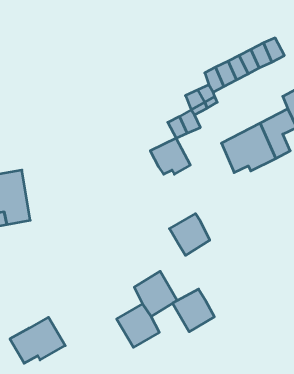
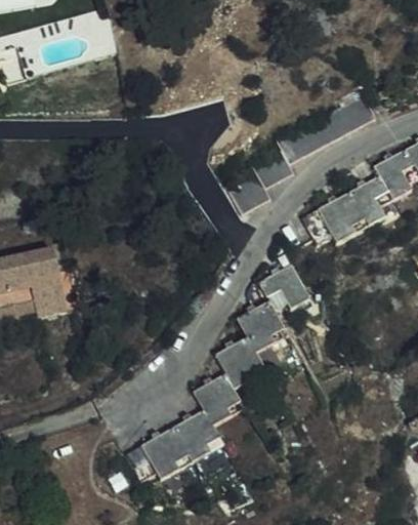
building: [150,138,190,174] -> [258,266,307,310]
building: [173,289,214,332] -> [215,336,266,389]
building: [10,317,65,363] -> [125,430,193,486]

